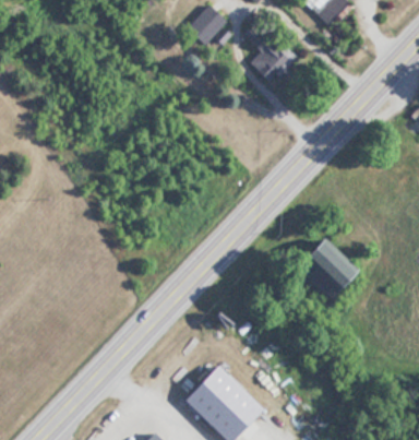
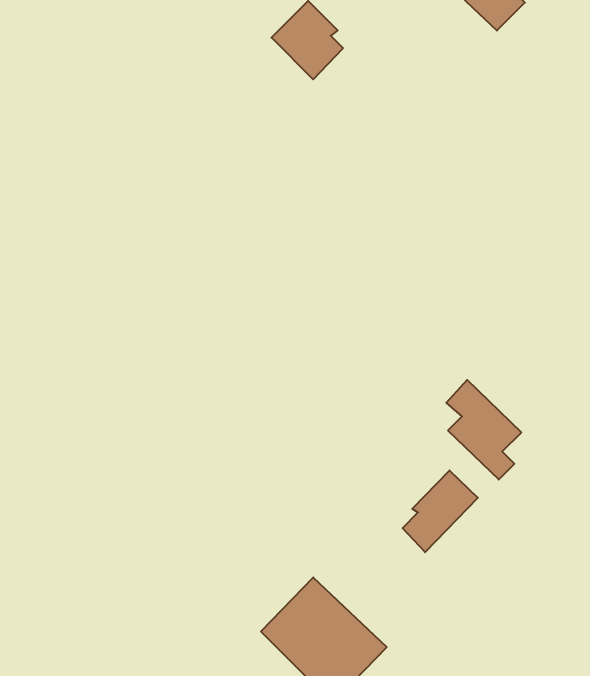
building: [252,32,302,84] -> none
building: none -> [403,470,478,552]

